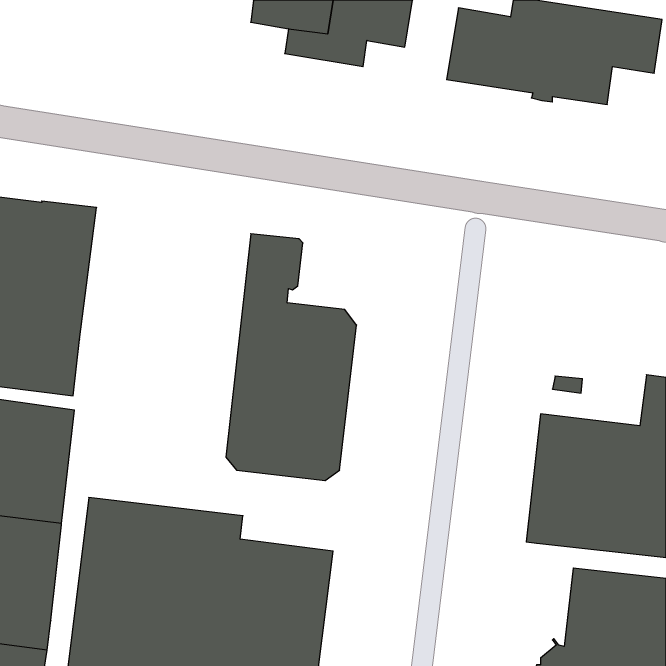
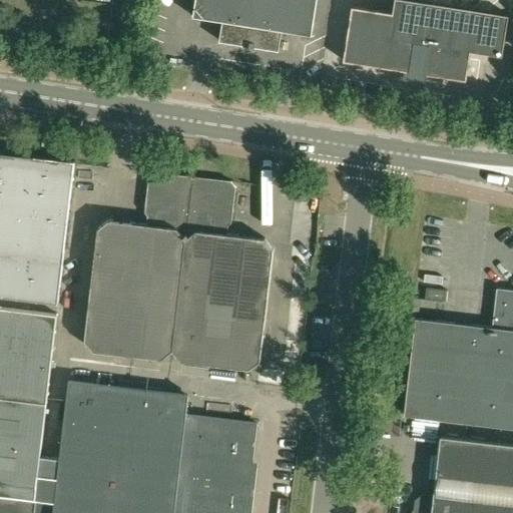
building: none -> [84,175,192,360]

